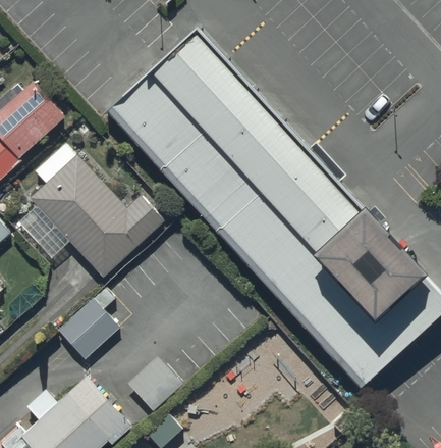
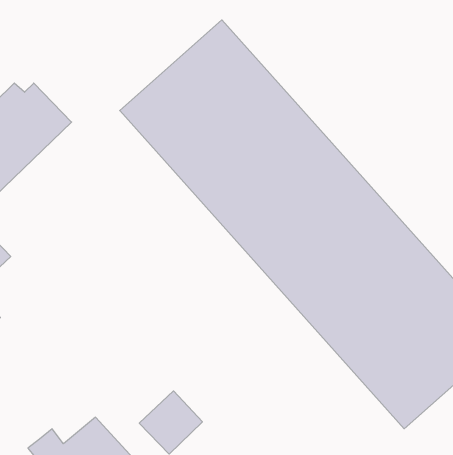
building: [17,141,164,278] -> none
building: [57,286,120,360] -> none

